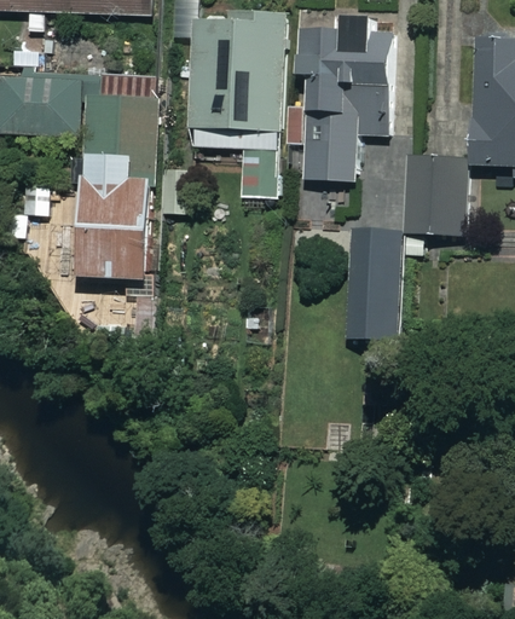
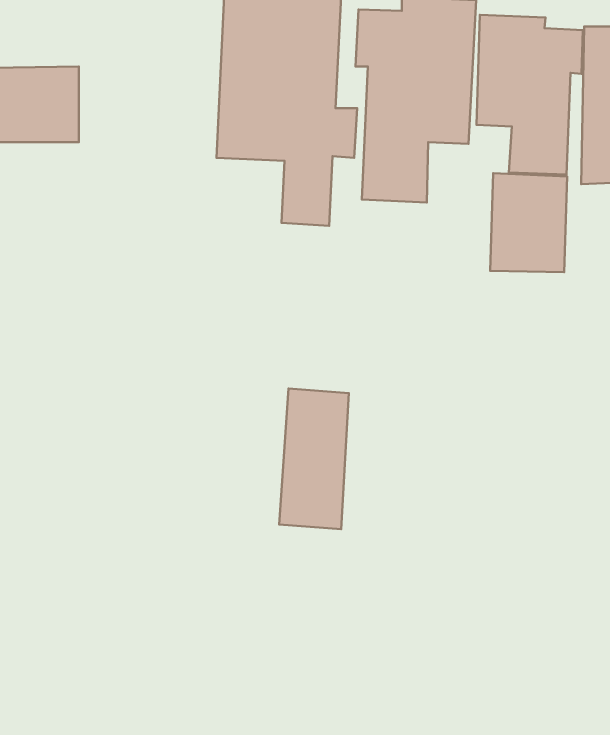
building: none -> [476,15,583,175]
building: [82,83,152,277] -> none
building: [343,230,398,340] -> [279,388,349,529]

